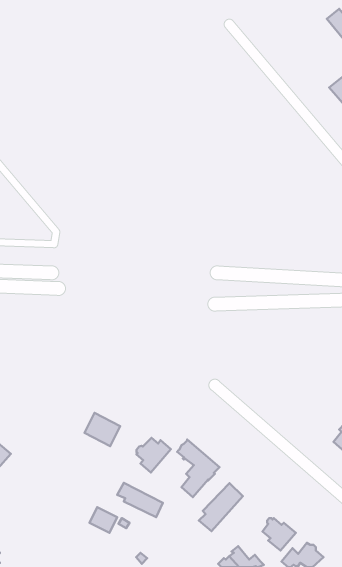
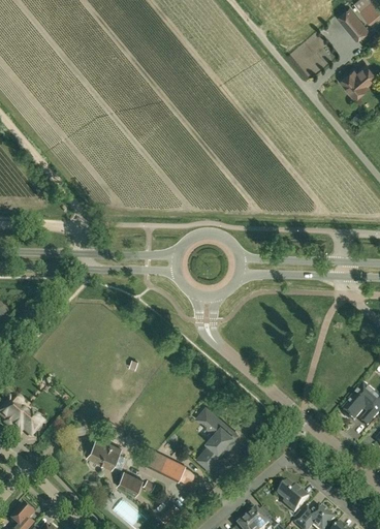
building: [85,413,120,446] -> [88,438,121,469]
building: [136,438,171,472] -> none
building: [199,483,243,531] -> none

